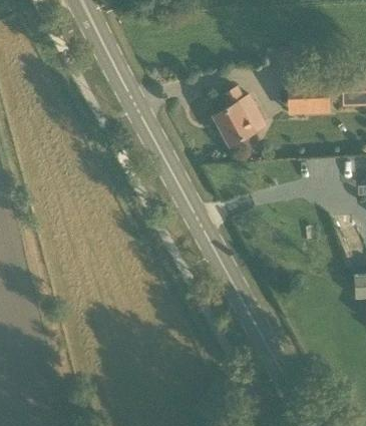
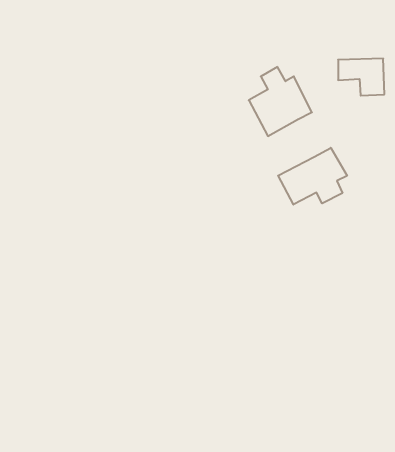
building: none -> [278,148,347,205]

